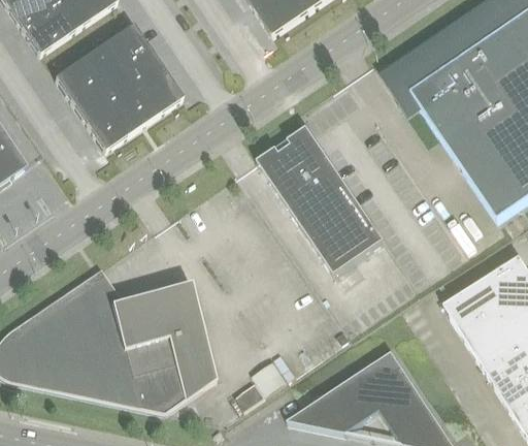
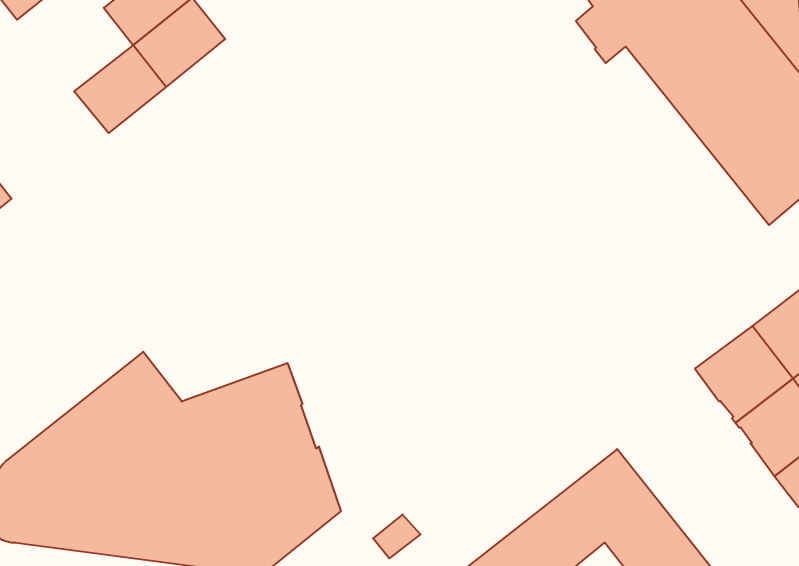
building: [54,50,109,100] -> none
building: [90,75,182,149] -> none
building: [257,126,384,274] -> none

